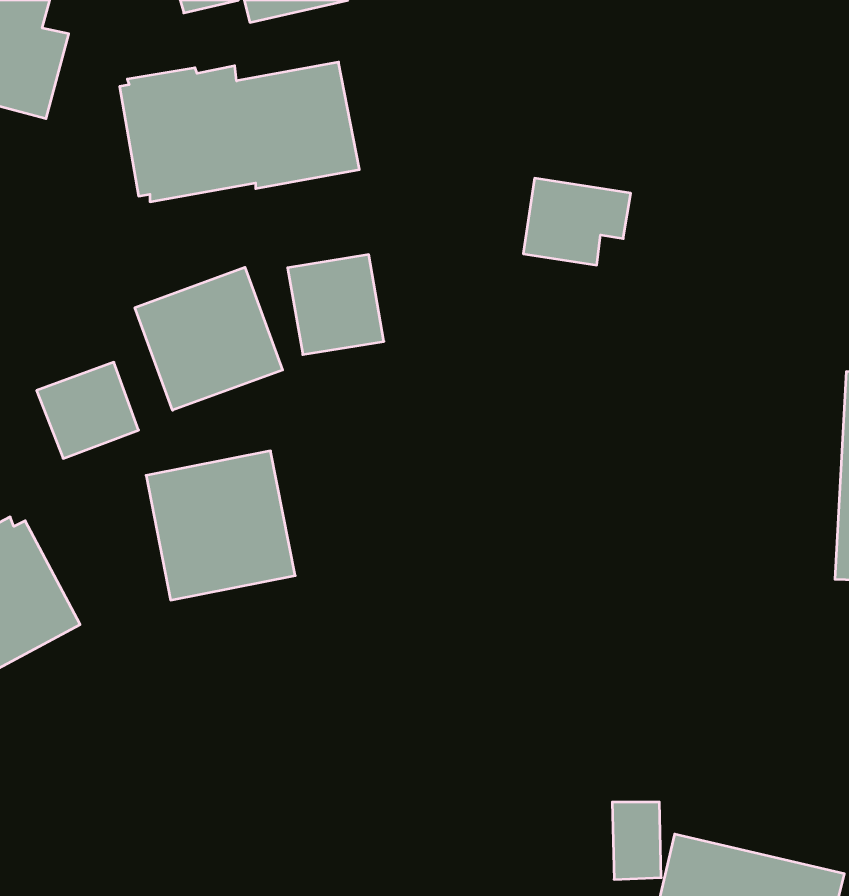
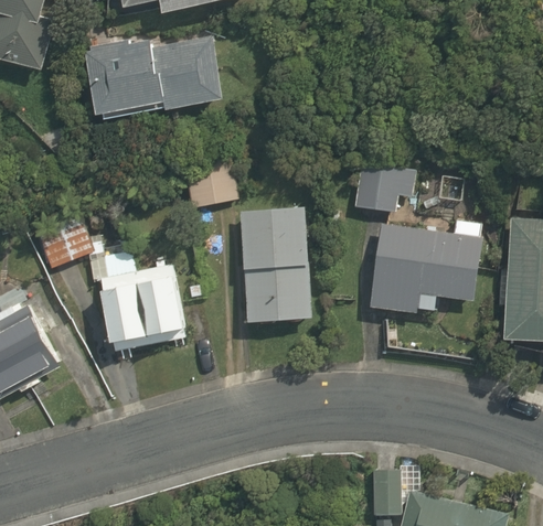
building: [523,178,631,265] -> [353,162,416,213]
building: [135,267,283,410] -> none
building: none -> [238,206,311,322]
building: none -> [369,219,483,313]

